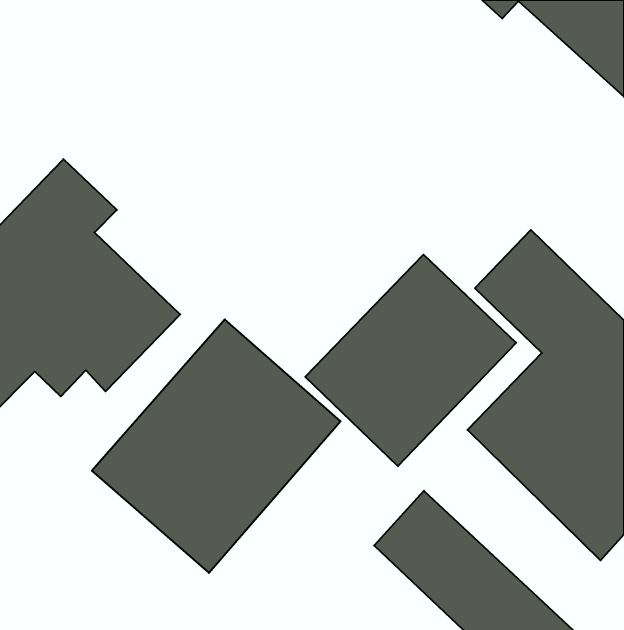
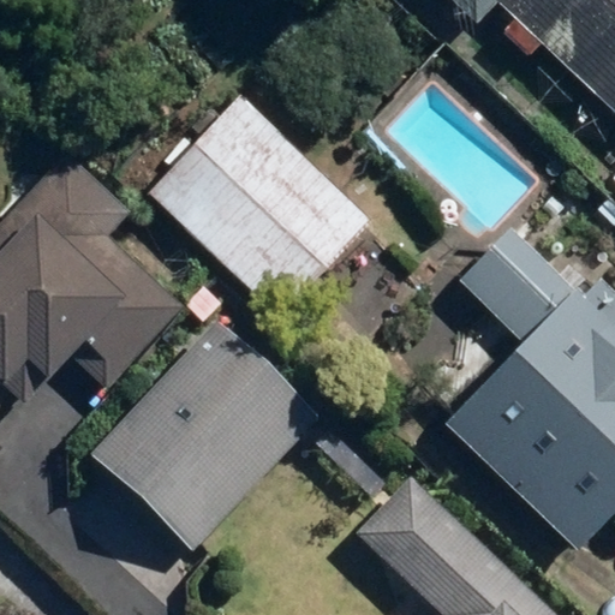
building: none -> [143,86,381,322]
building: [305,255,516,466] -> none

